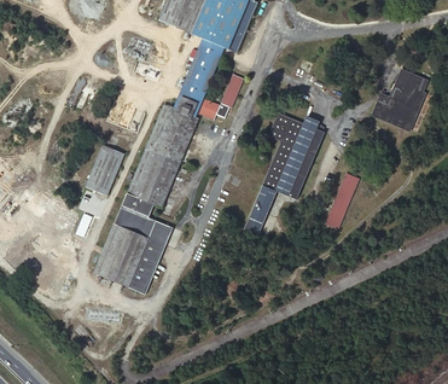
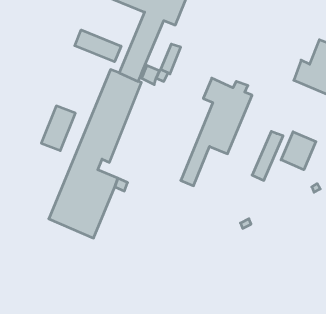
building: none -> [75,30,121,62]
building: none -> [281,132,316,170]

